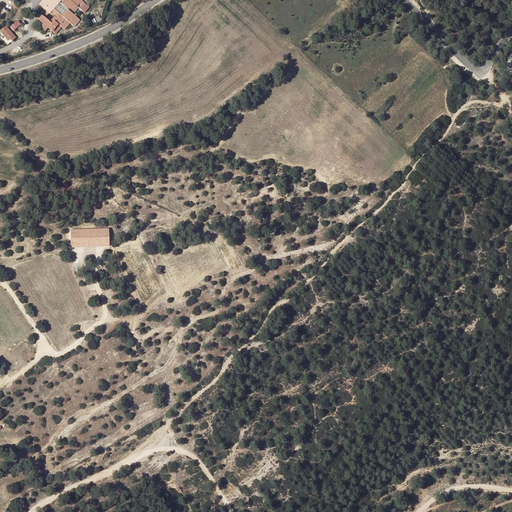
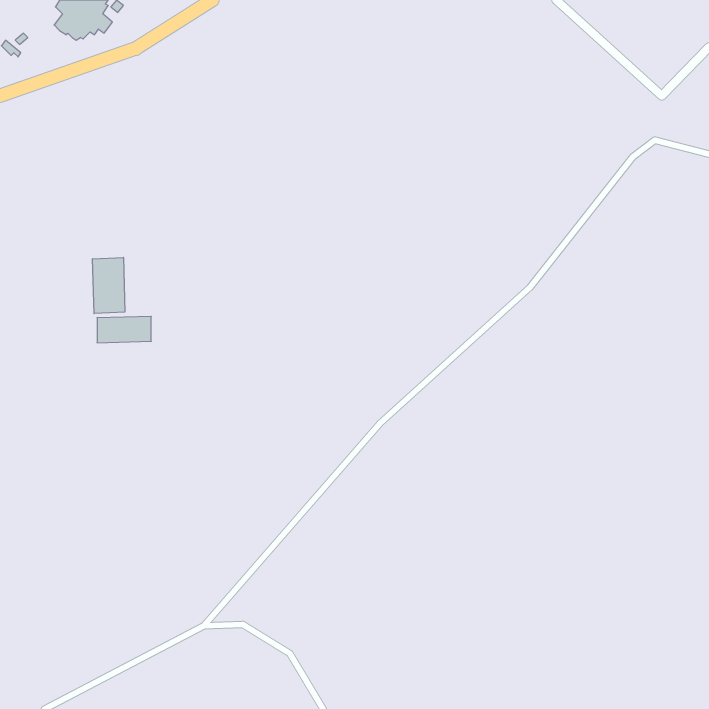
building: none -> [93,257,125,314]

